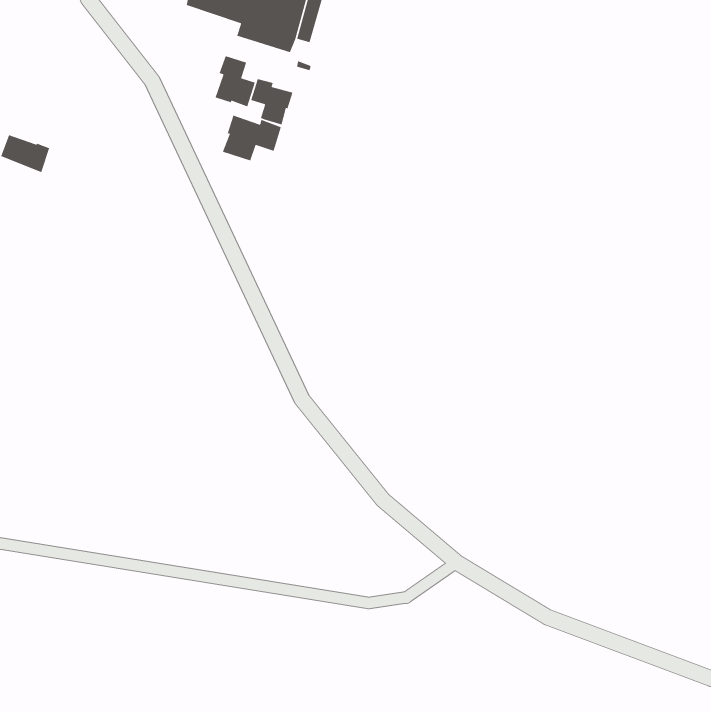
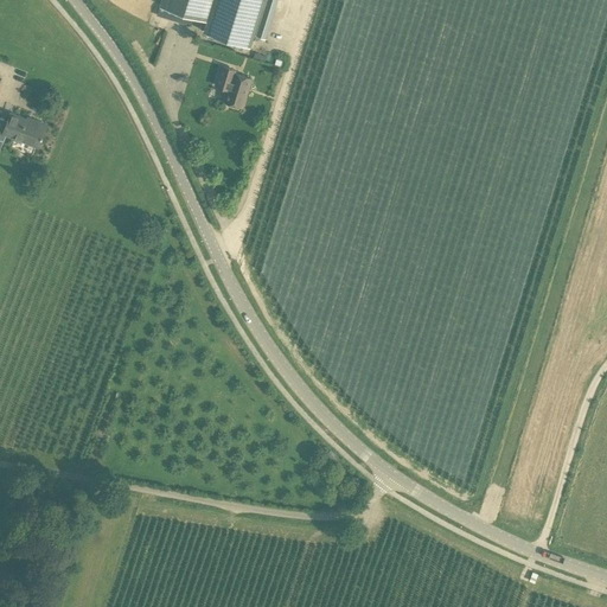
building: [214,55,256,107] -> none
building: [222,114,282,161] -> none

